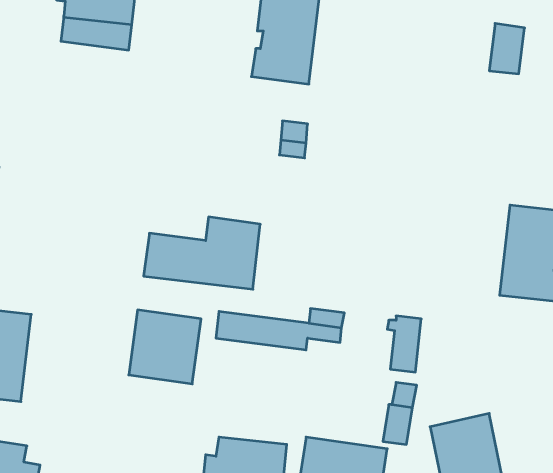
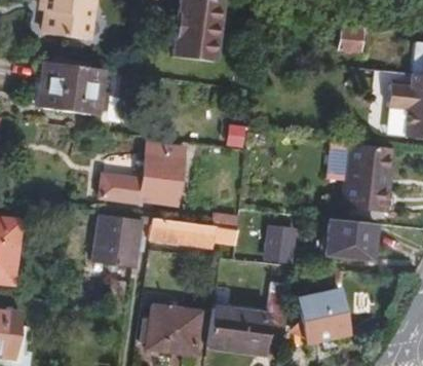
building: none -> [36,62,100,114]
building: none -> [324,218,376,260]

